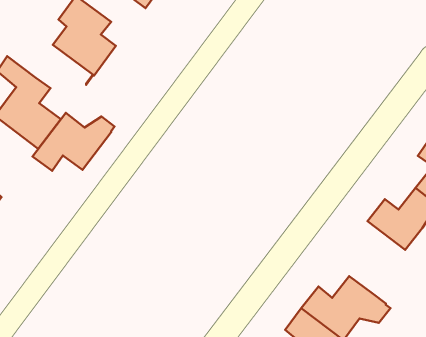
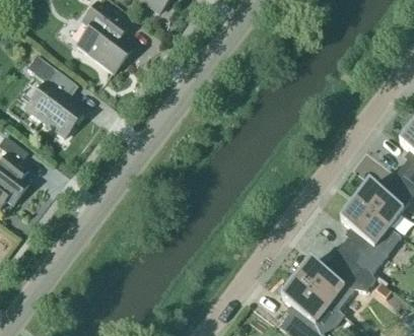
building: [33,113,115,171] -> none
building: none -> [340,201,402,274]

